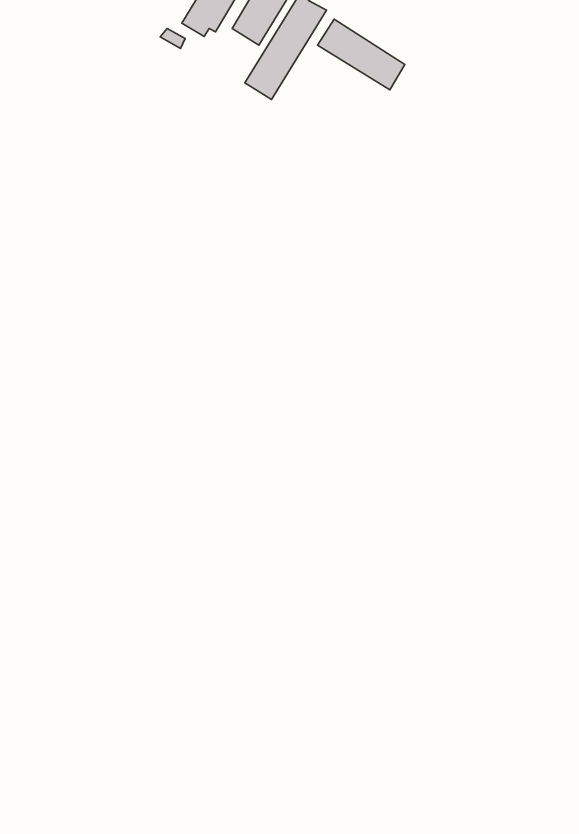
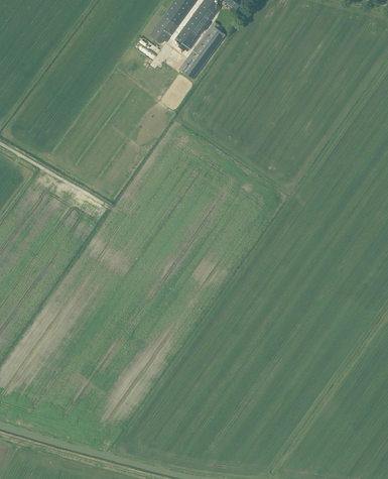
building: [317,19,405,90] -> none

